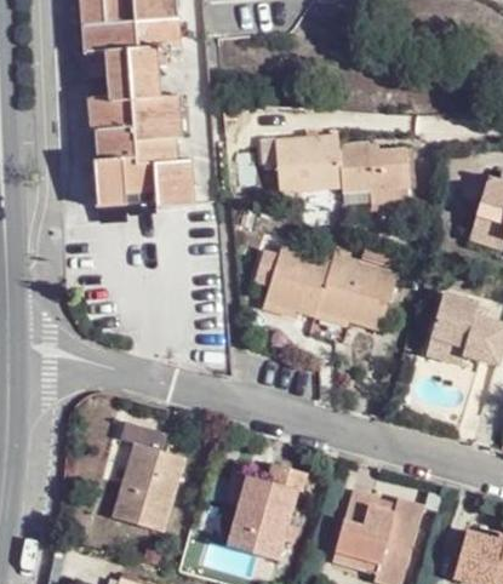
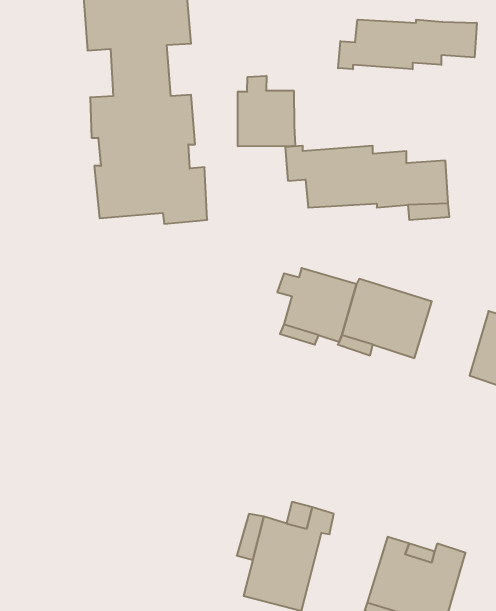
building: none -> [338,20,477,69]
building: none -> [238,76,295,146]
building: [114,420,187,529] -> none

